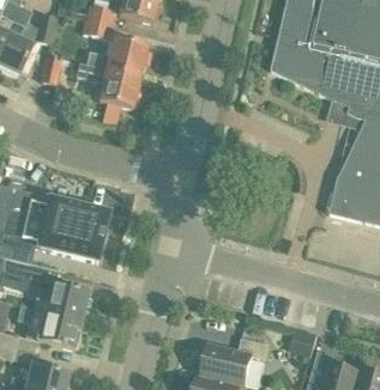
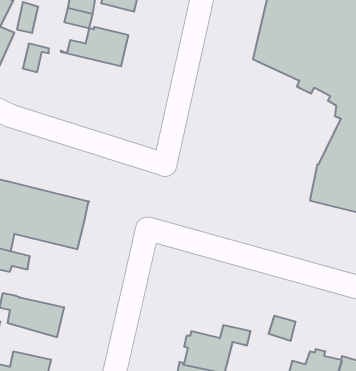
building: [74,62,139,106] -> none
building: [31,282,89,319] -> none

